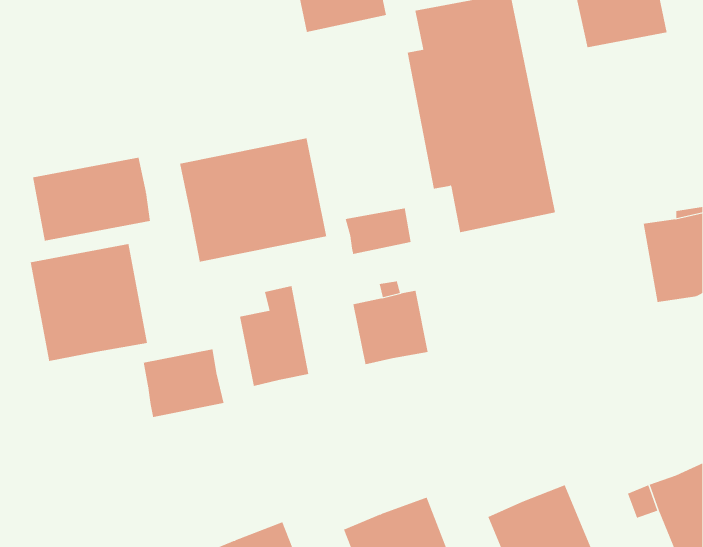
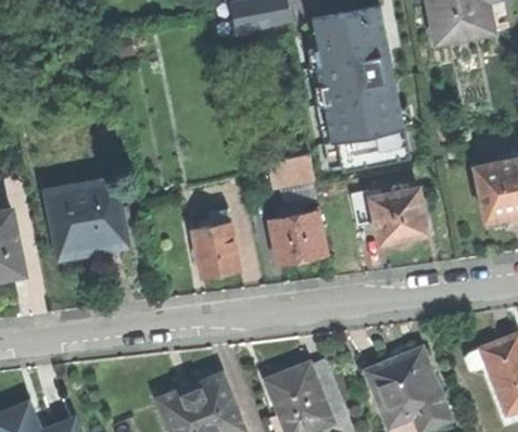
building: [180,138,327,262] -> none
building: [33,157,151,242] -> none
building: none -> [349,187,426,244]
building: [143,348,224,418] -> none

